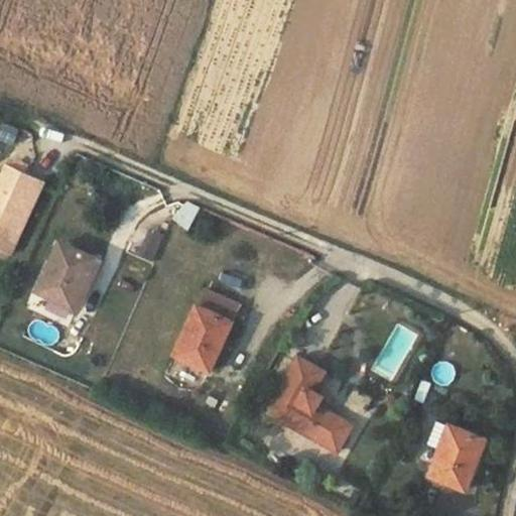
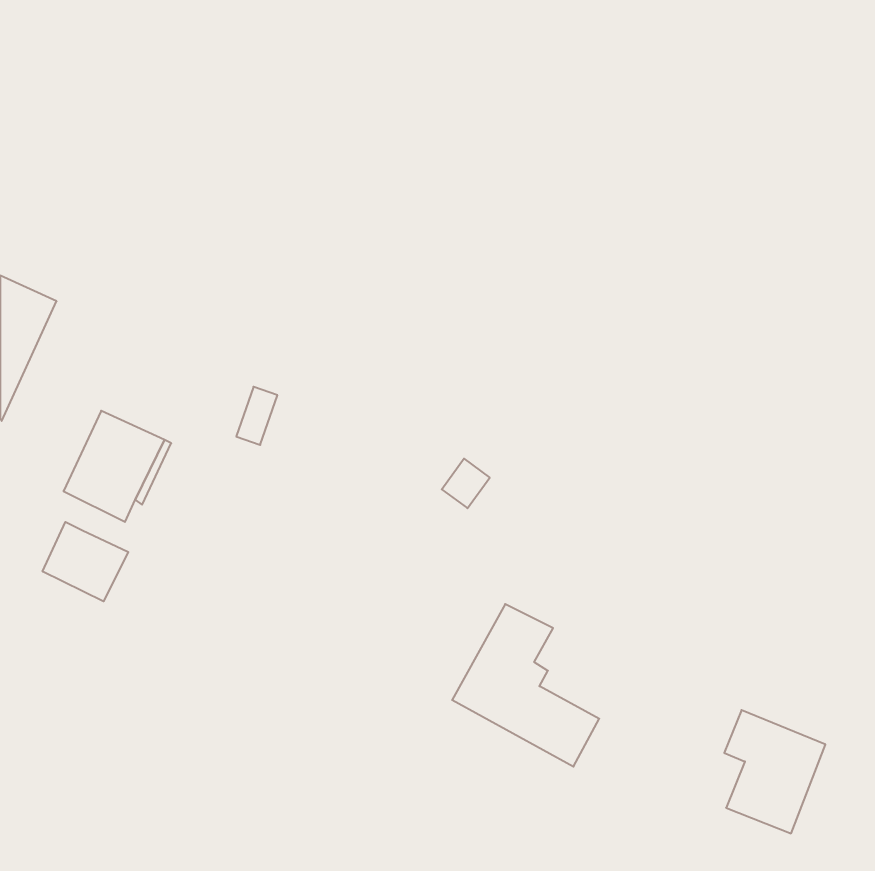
building: [174,291,239,373] -> none
building: none -> [43,522,128,601]

